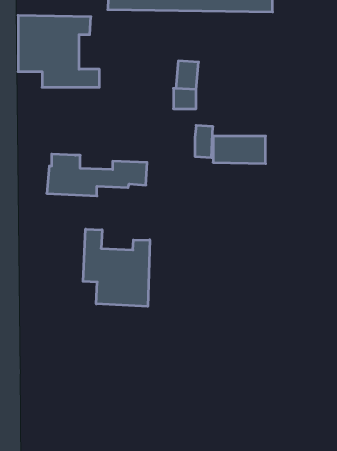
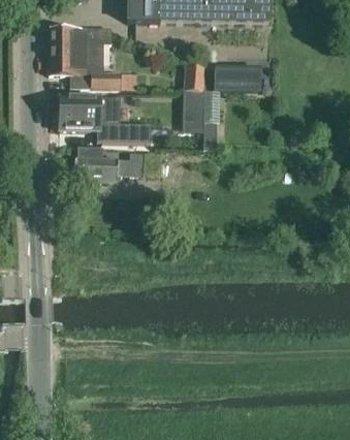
building: none -> [58,96,151,142]
building: [213,136,266,164] -> [214,66,259,90]
building: [83,229,150,306] -> none

